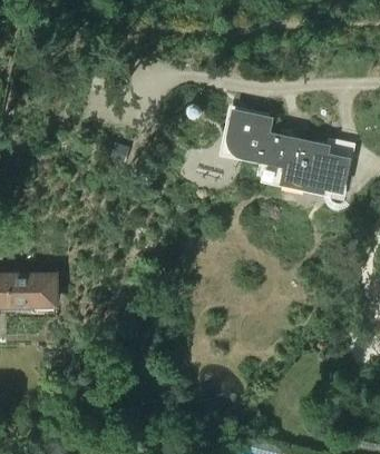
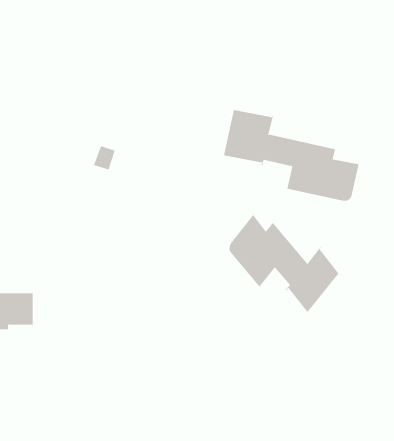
building: none -> [229,214,339,313]

